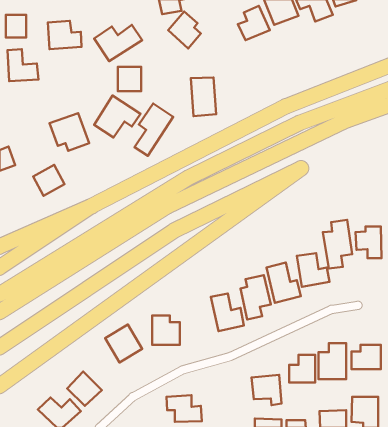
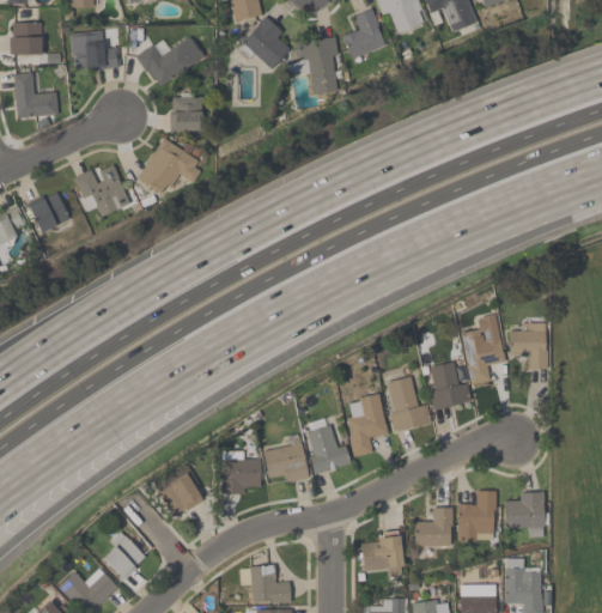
building: [191,77,216,116] -> [304,38,340,93]
building: [134,103,173,156] -> none
building: [33,165,64,196] -> [26,190,71,235]
building: none -> [263,442,309,482]

